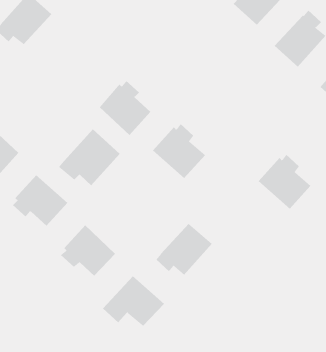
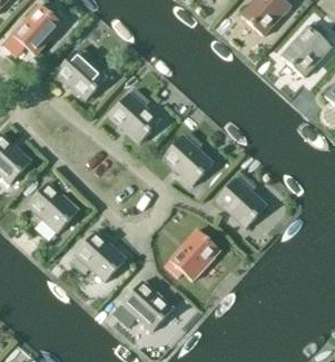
building: none -> [53,47,106,101]
building: [58,128,120,186] -> none
building: [258,154,311,210] -> [214,174,266,228]

